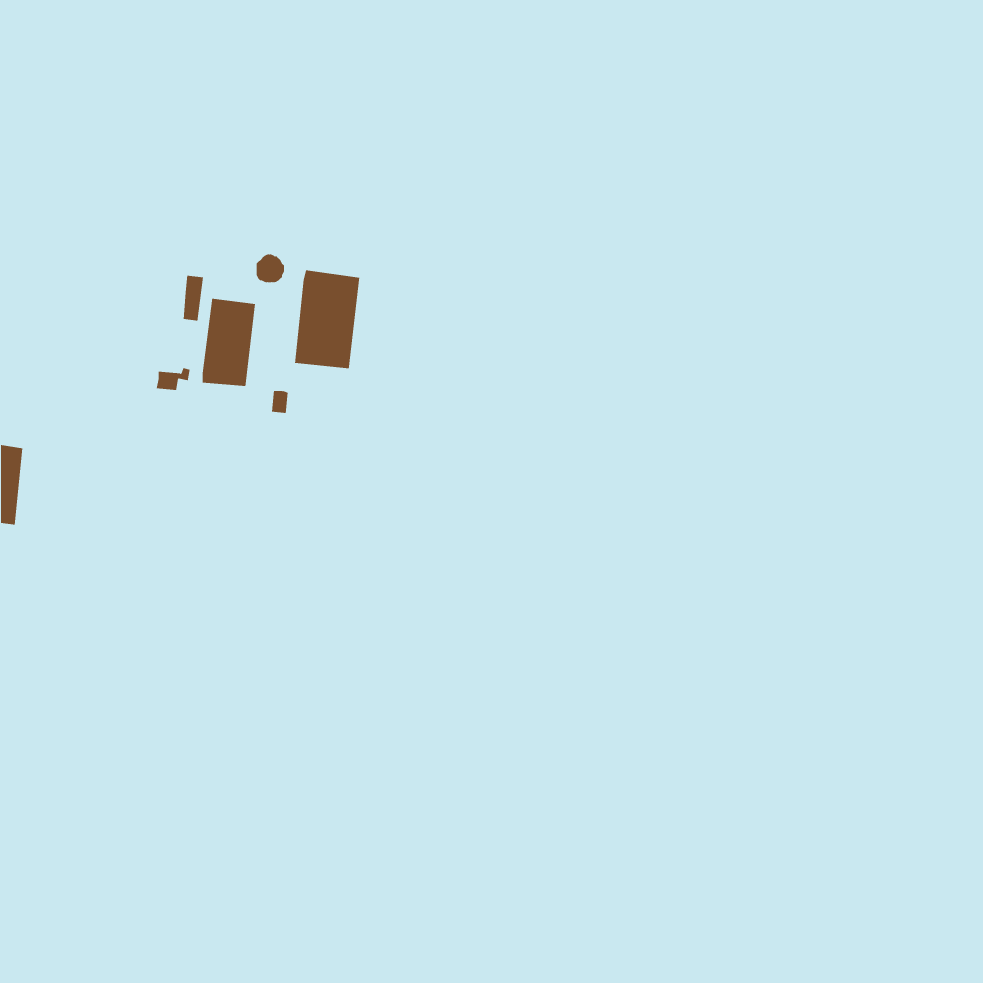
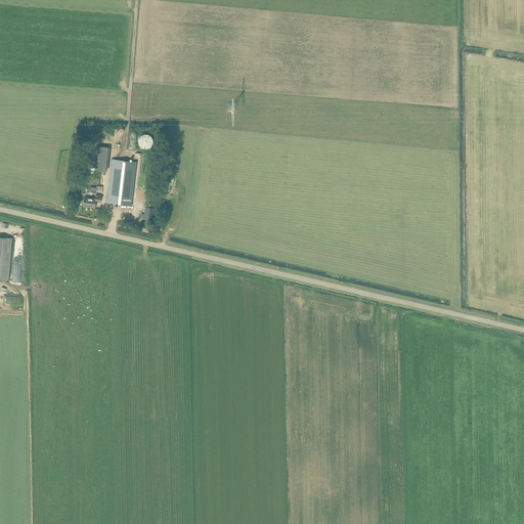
building: [294,269,360,369] -> none

